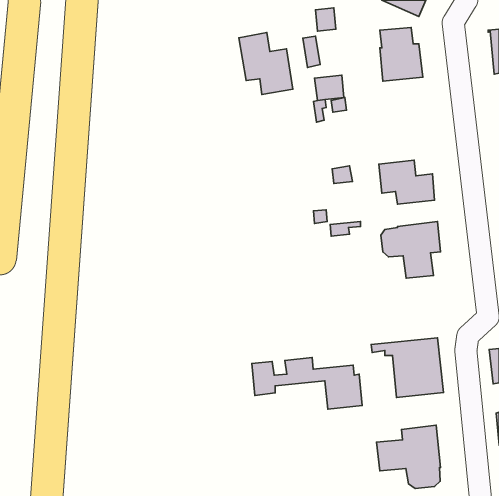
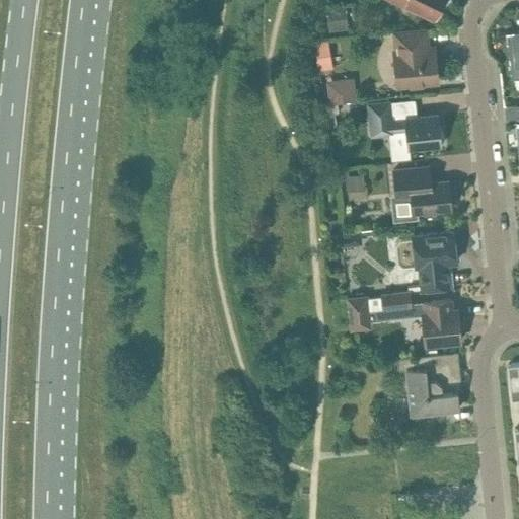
building: [239,32,293,95] -> none
building: none -> [369,103,443,151]
building: [252,358,362,409] -> [347,293,461,347]
building: [376,425,441,489] -> none

